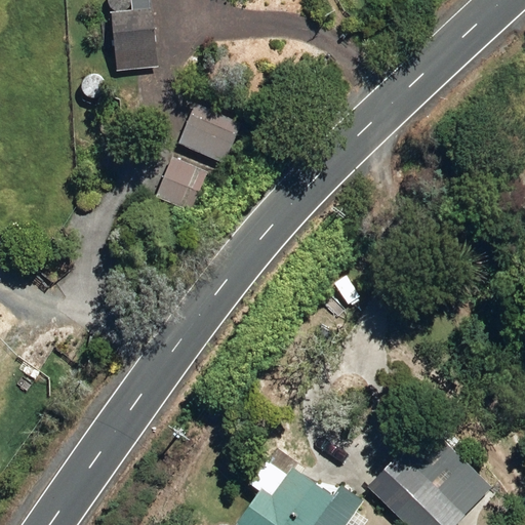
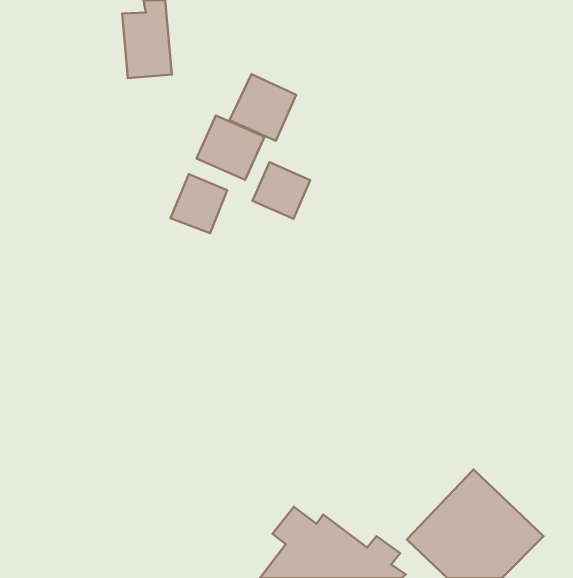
building: none -> [229,74,296,141]
building: none -> [252,162,310,219]

